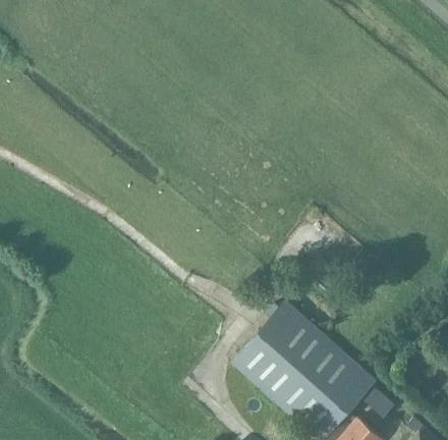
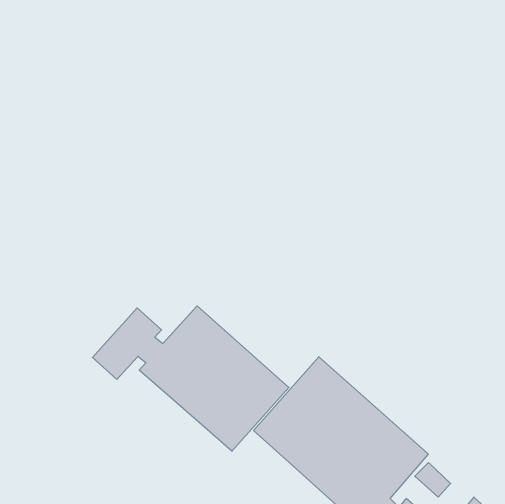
building: none -> [92,306,289,451]

